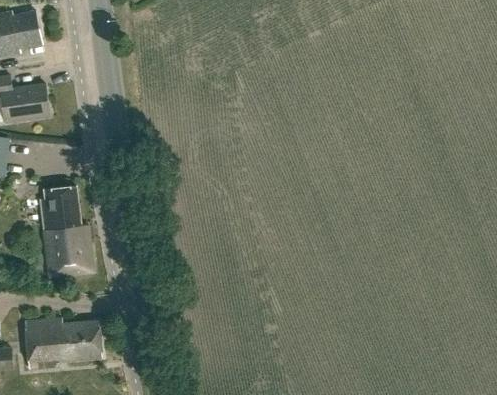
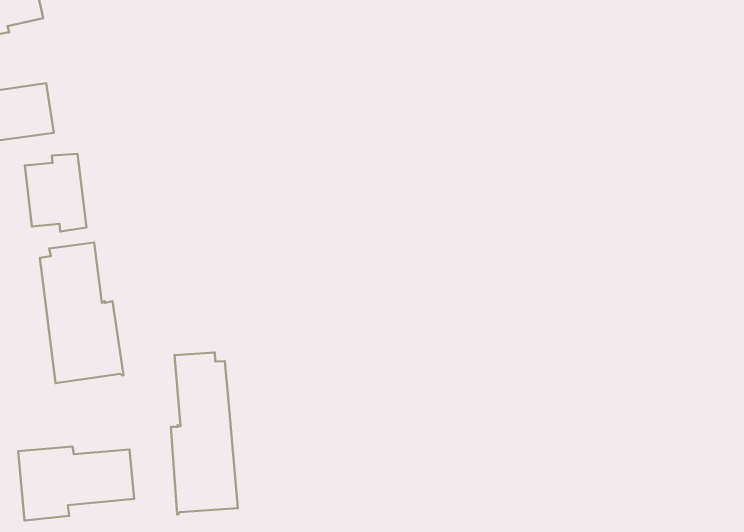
building: none -> [25,154,86,231]
building: none -> [171,352,238,515]

